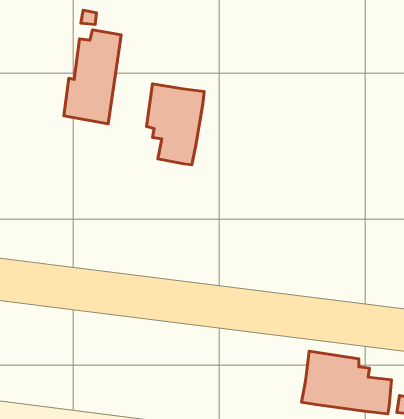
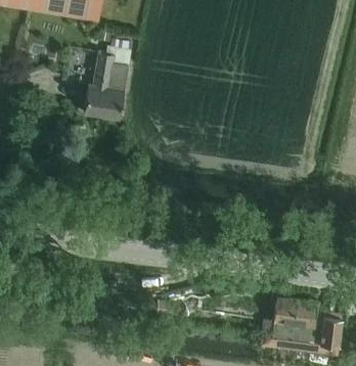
building: [147,84,204,165] -> none

